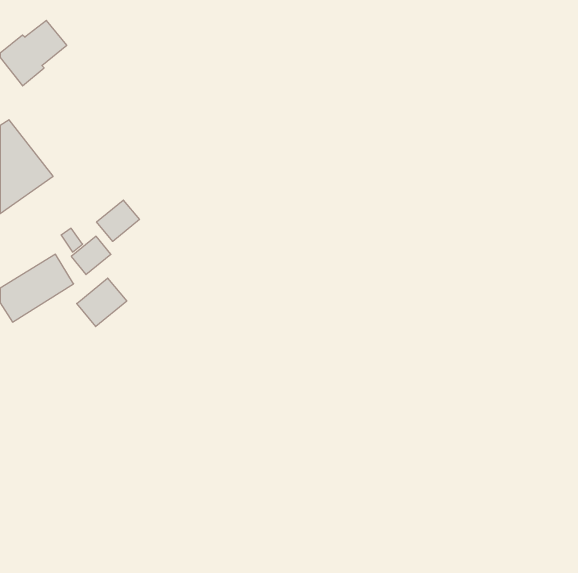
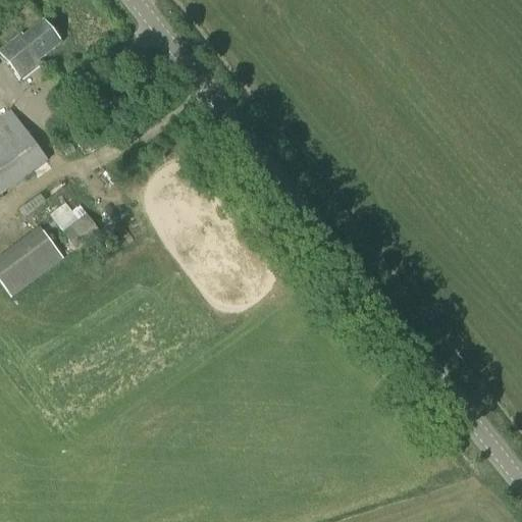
building: [97,200,139,241] -> none
building: [77,278,127,327] -> none

